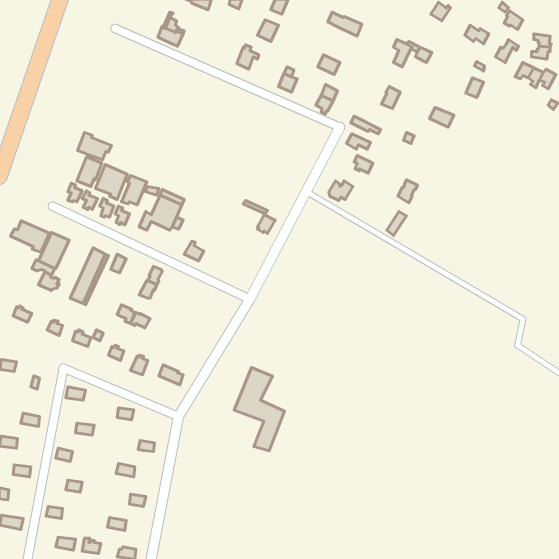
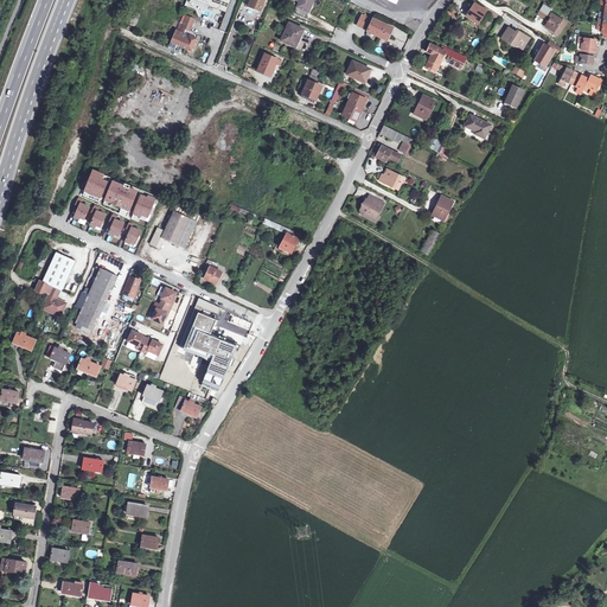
building: [77,133,112,160] -> none
building: [11,221,50,252] -> none
building: [234,367,285,451] -> [179,299,234,389]

